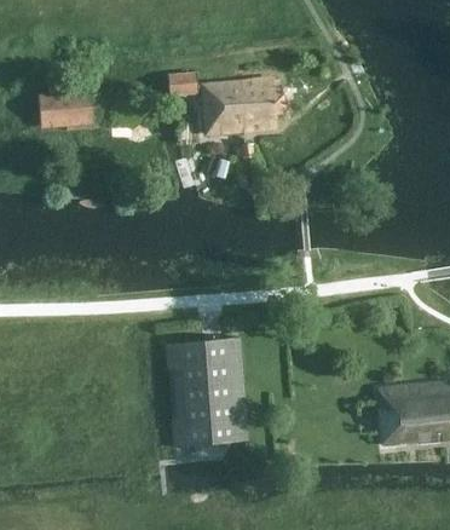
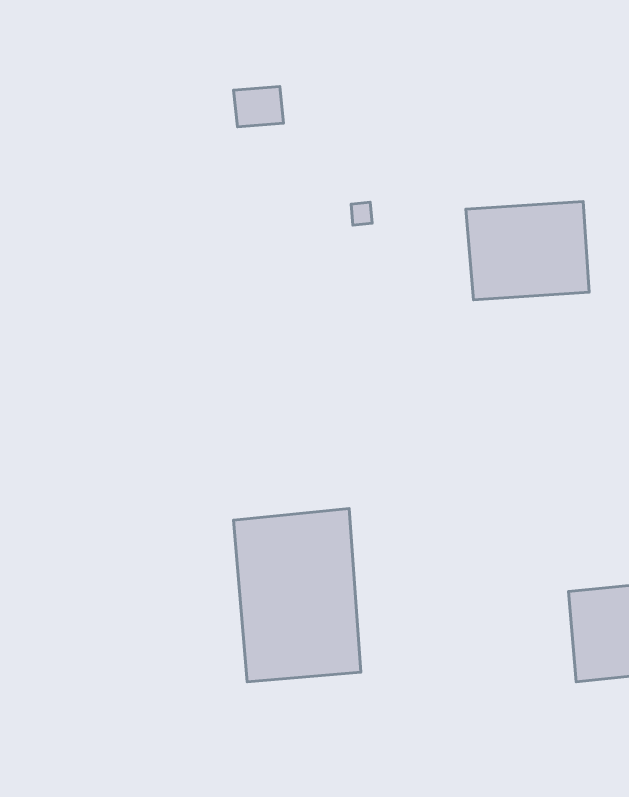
building: [207,74,284,136] -> [466,202,589,300]
building: [35,80,92,131] -> none

